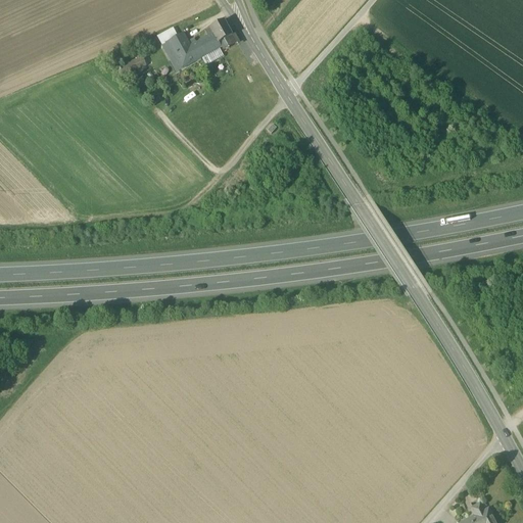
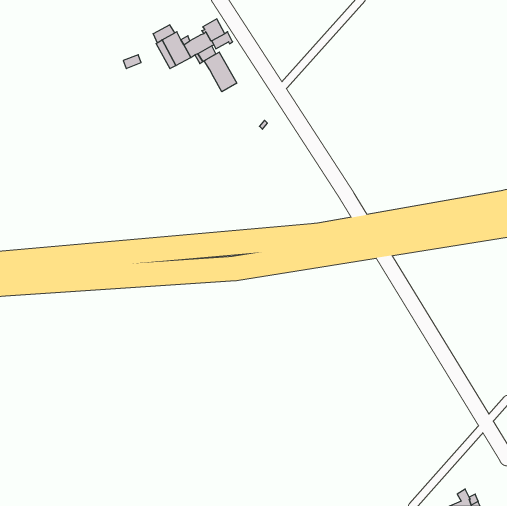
building: none -> [204,52,237,92]

